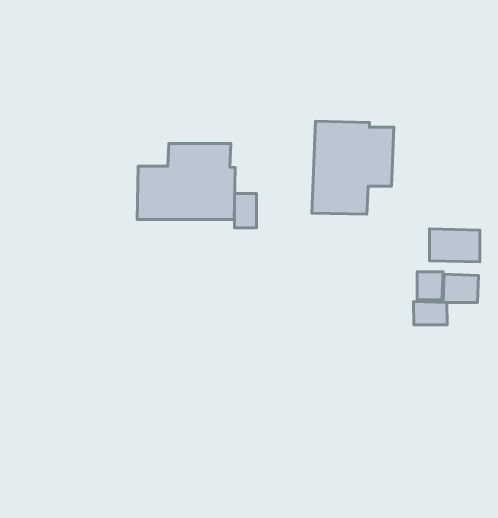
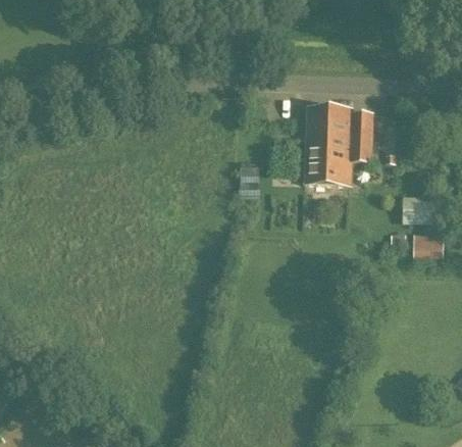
building: [137,144,235,220] -> none
building: [414,301,447,325] -> none

